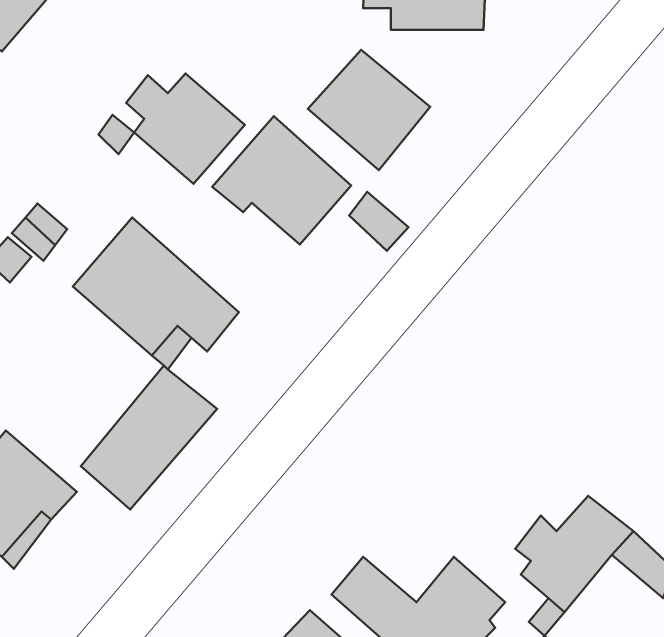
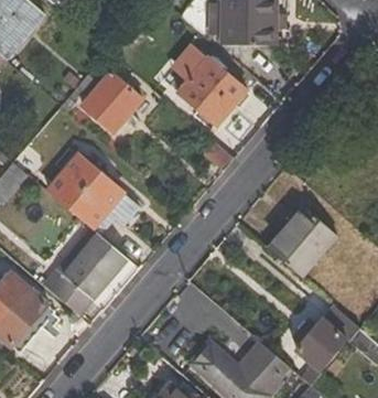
building: [212,116,351,245] -> none
building: none -> [269,207,335,275]

